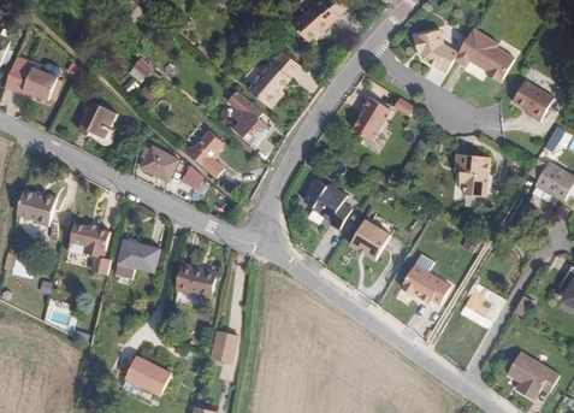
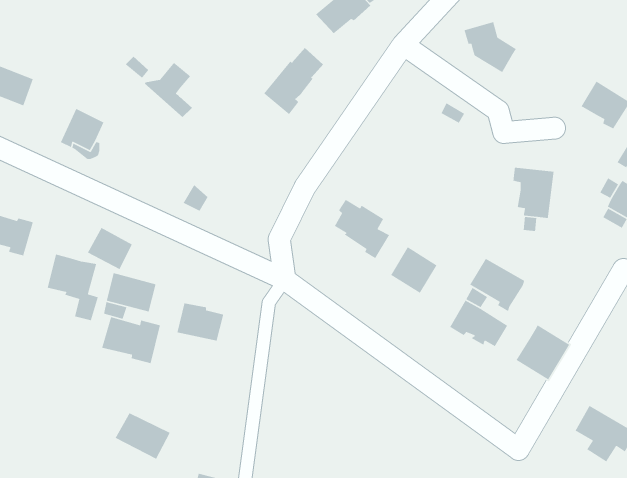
building: [456,26,516,81] -> none
building: [355,96,393,141] -> none
building: [233,111,270,146] -> none
building: [183,130,224,177] -> [144,62,193,118]
building: [140,144,178,181] -> [87,227,133,270]
building: none -> [469,258,525,312]
building: none -> [101,316,161,364]
building: [212,330,236,362] -> none

